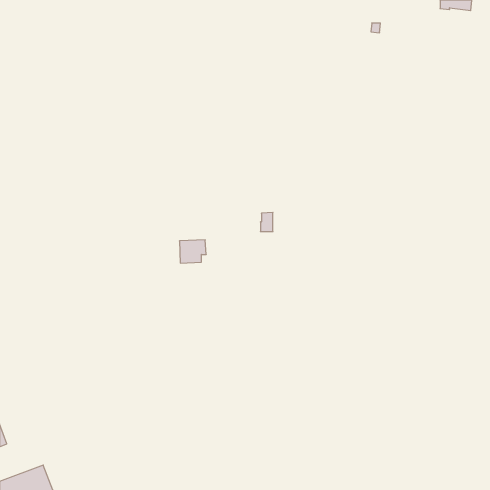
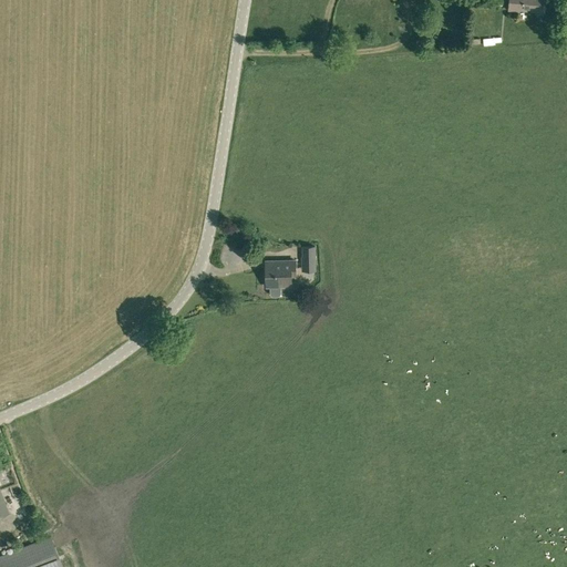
building: [179,240,206,263] -> [265,260,296,287]

